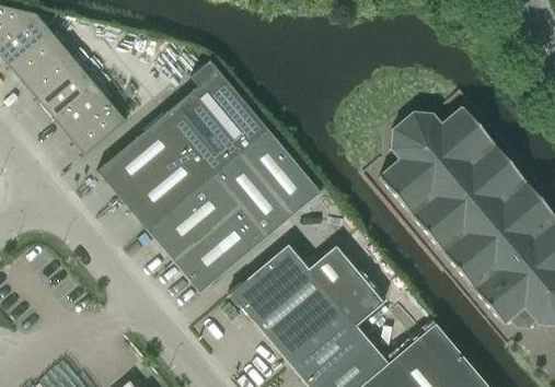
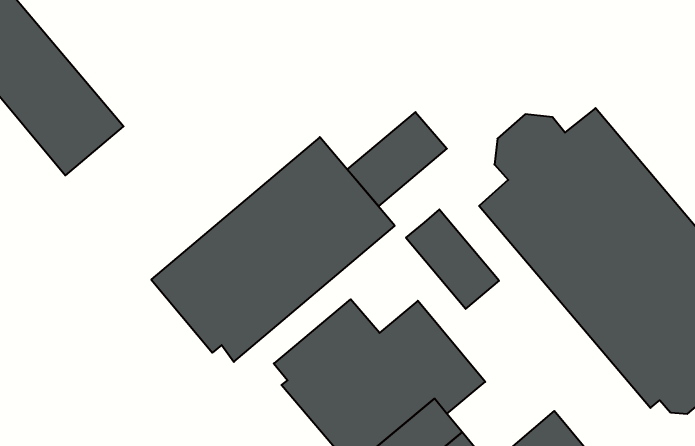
building: [97,61,267,230] -> none
building: none -> [347,112,447,206]
building: none -> [406,209,499,309]

